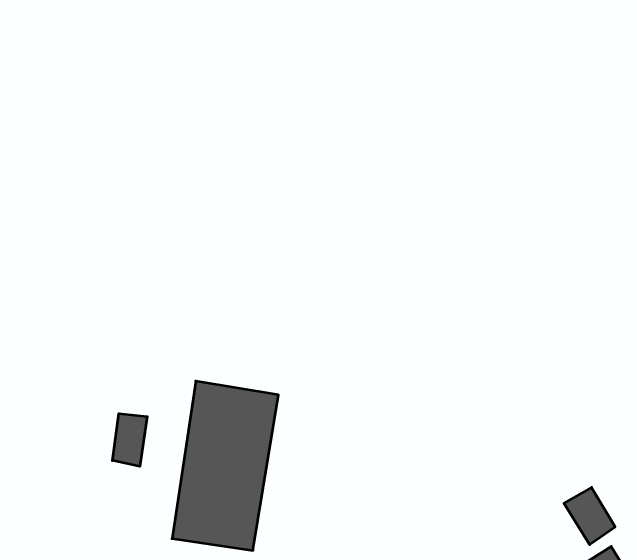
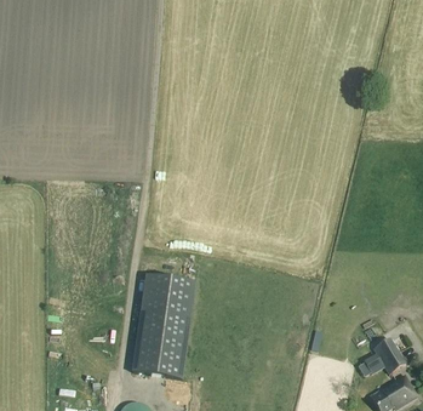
building: [112,414,147,466] -> none

